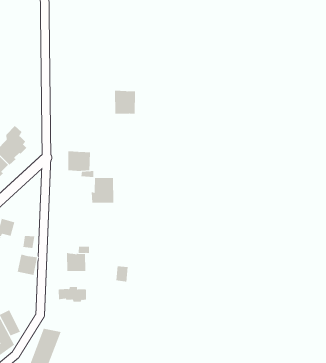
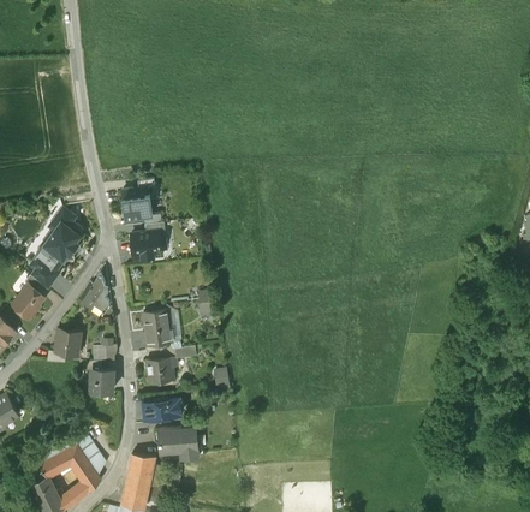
building: [114,90,136,114] -> [120,191,150,222]
building: [91,177,114,203] -> [142,309,172,344]
building: none -> [78,275,109,314]
building: none -> [157,429,197,459]

